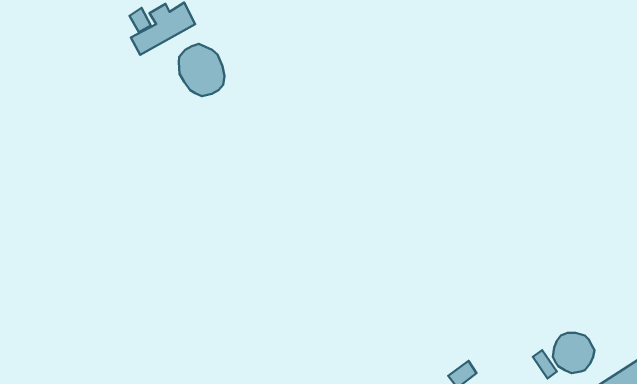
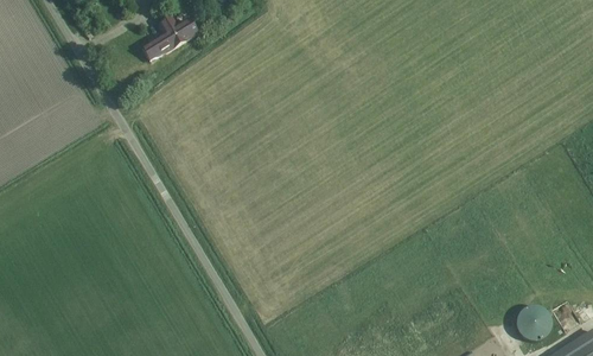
building: [179,44,225,96] -> none

